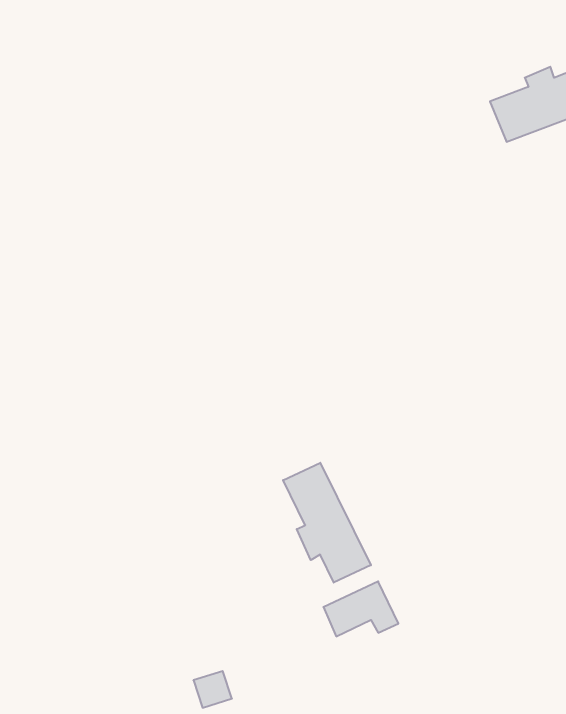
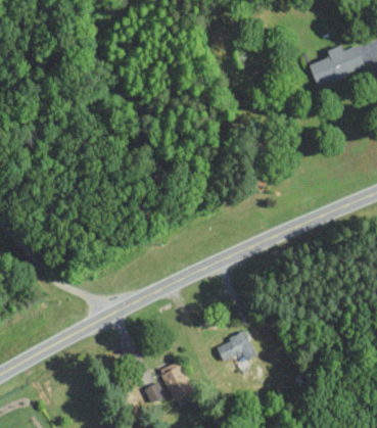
building: [283,463,371,583] -> none
building: none -> [159,361,193,399]

